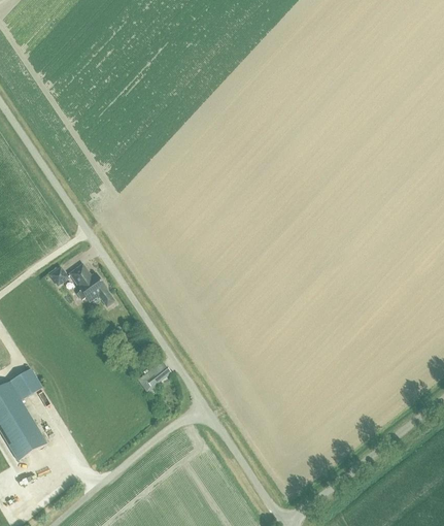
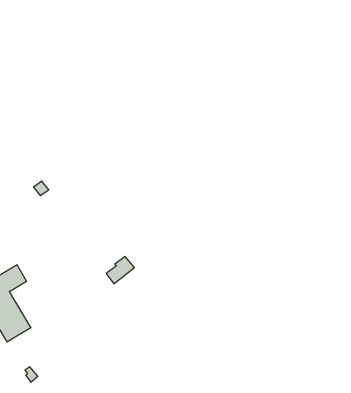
building: [70,264,110,301] -> none

